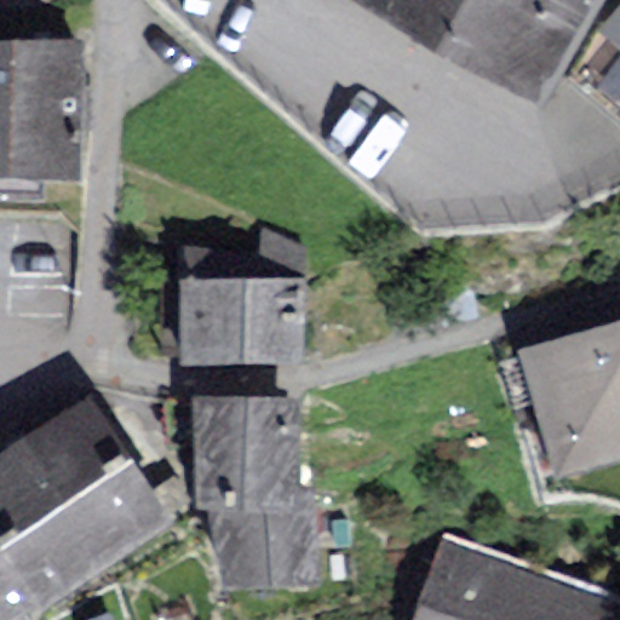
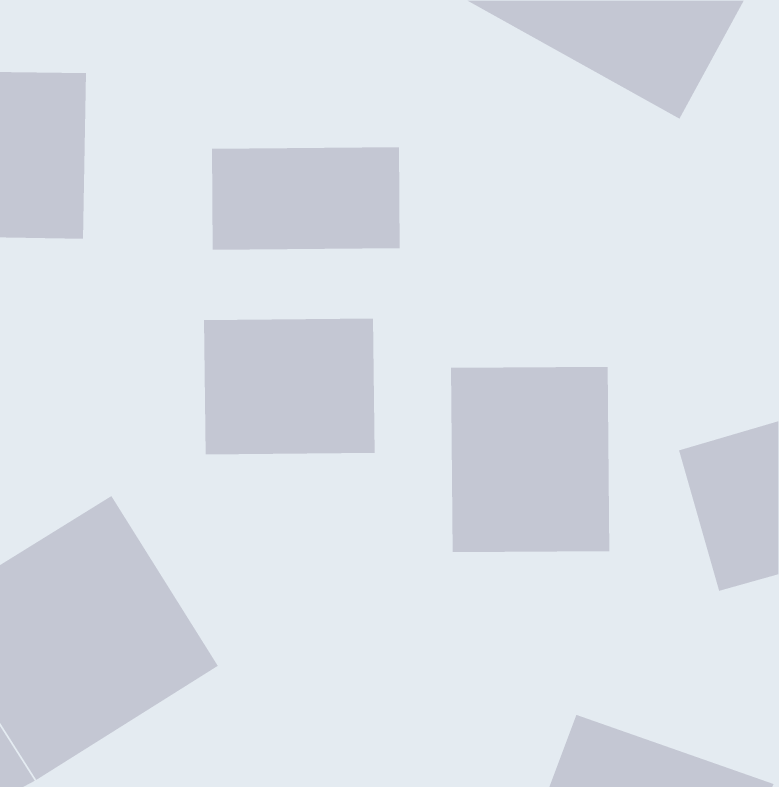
building: none -> [212,146,400,250]
building: none -> [451,366,610,553]
building: [193,381,333,597] -> none

